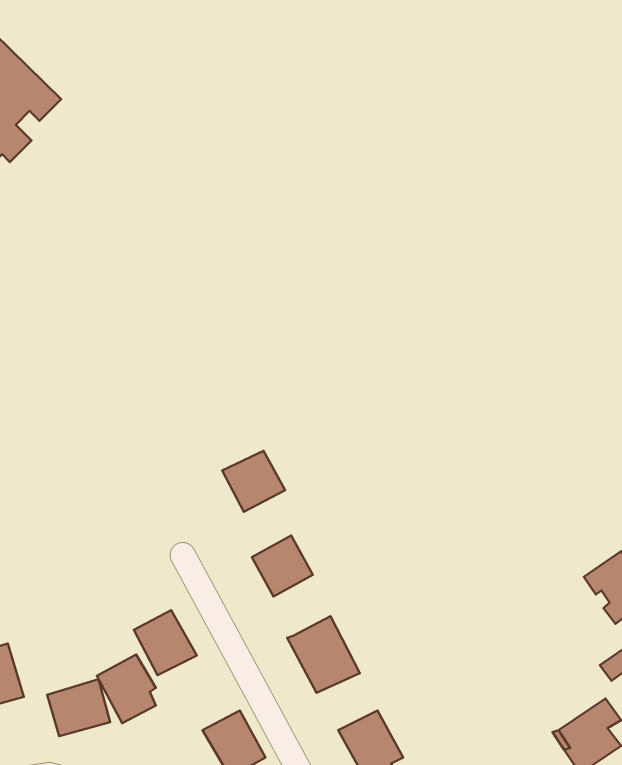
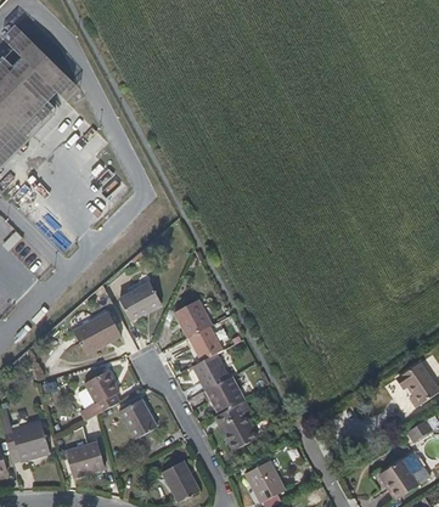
building: none -> [118,281,161,321]
building: none -> [72,311,119,355]
building: none -> [186,325,223,359]
building: none -> [204,376,244,415]
building: [97,654,156,723] -> [83,370,119,412]

